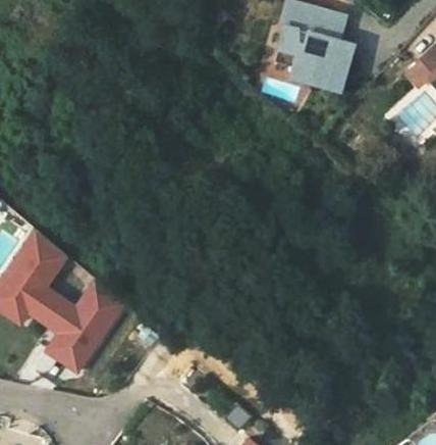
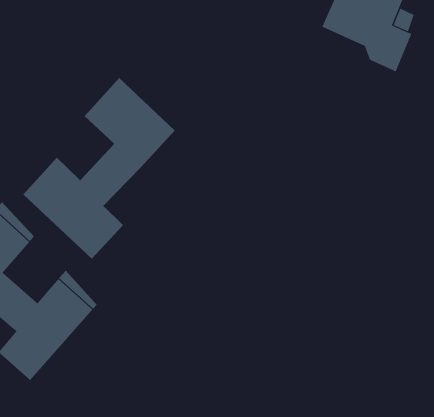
building: none -> [22,77,175,259]

